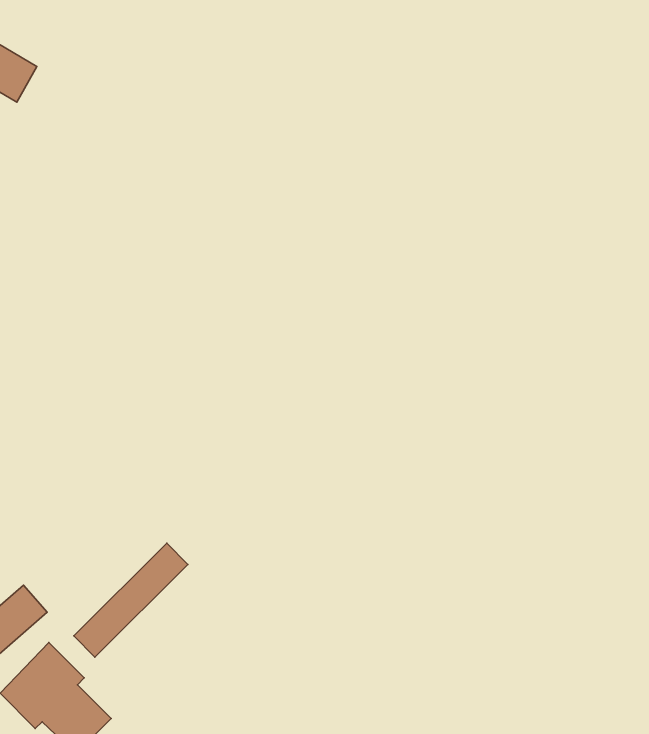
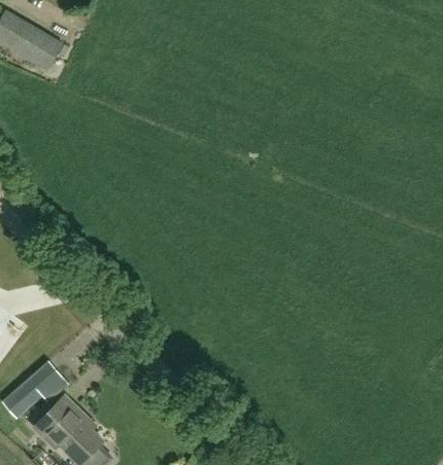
building: [74,543,188,657] -> none

